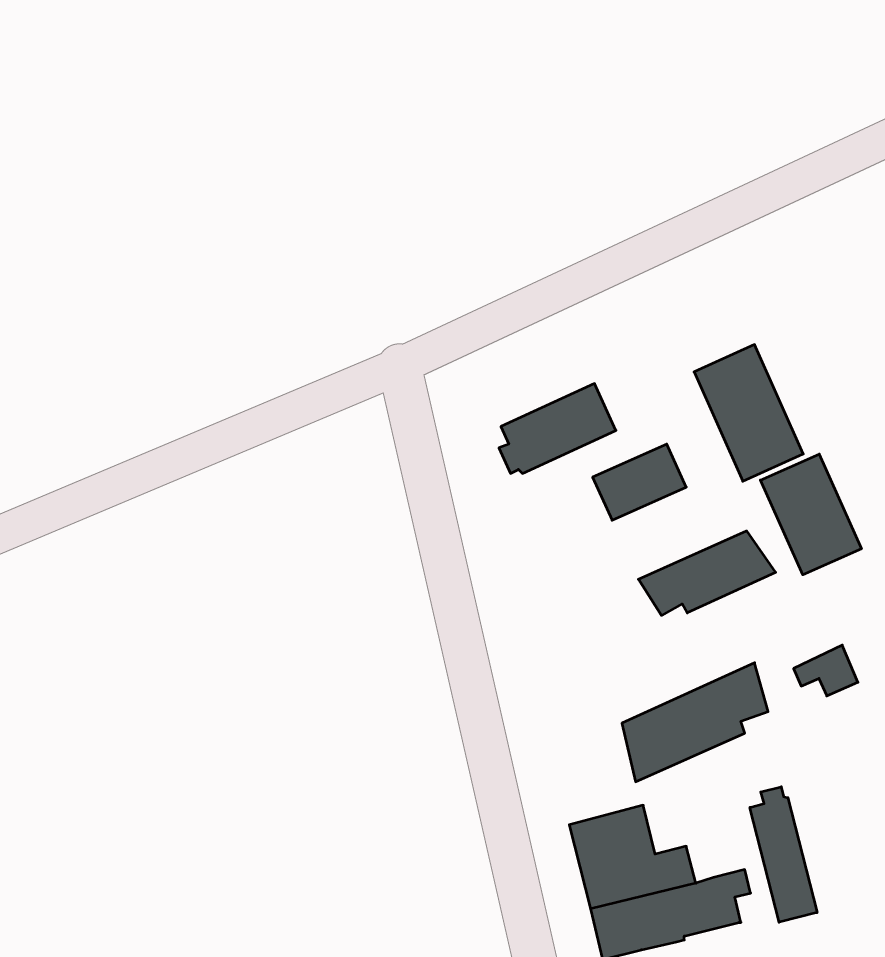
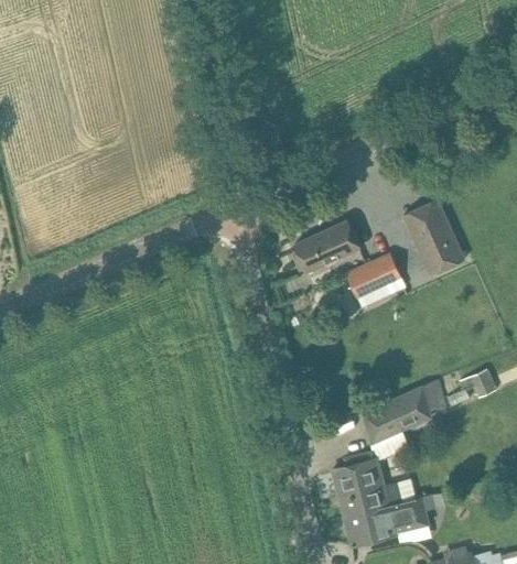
building: [760,454,861,575] -> none
building: [638,531,776,615] -> none
building: [750,787,817,922] -> none

